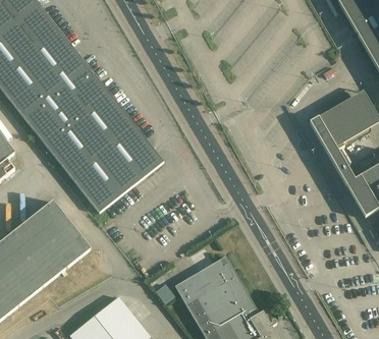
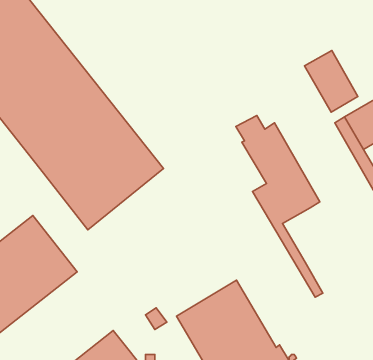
building: none -> [305,51,358,112]
building: none -> [236,115,323,297]

